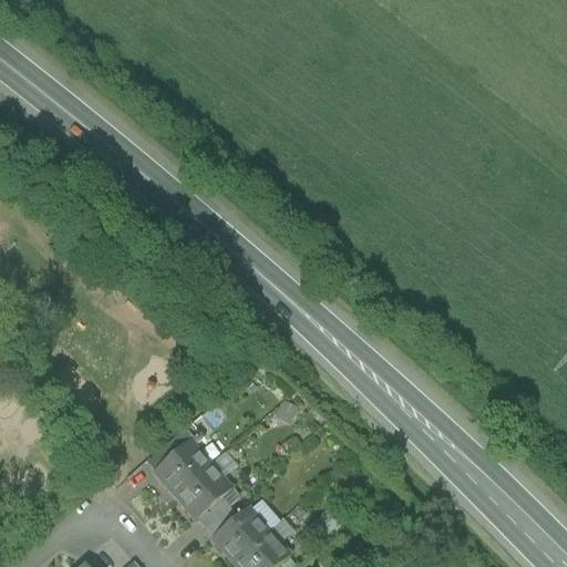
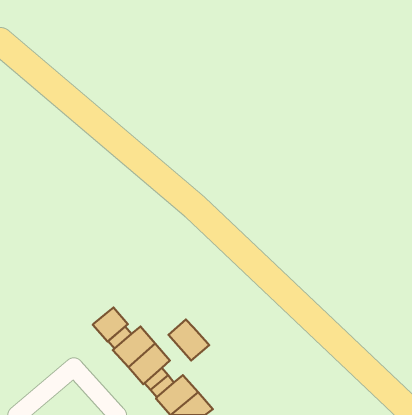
building: none -> [93,307,128,342]
building: none -> [169,320,209,361]

